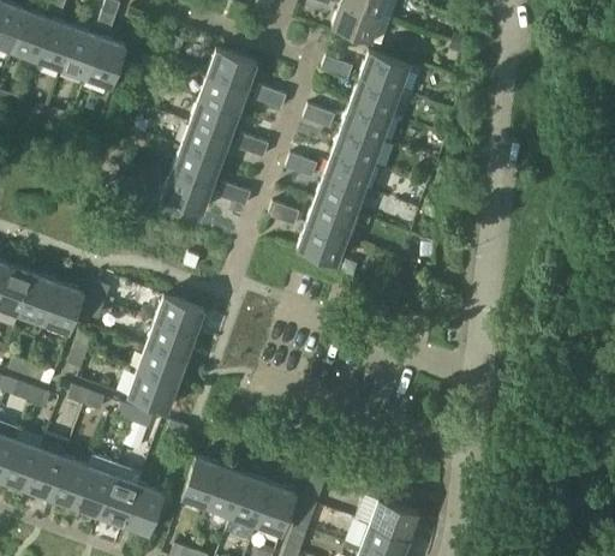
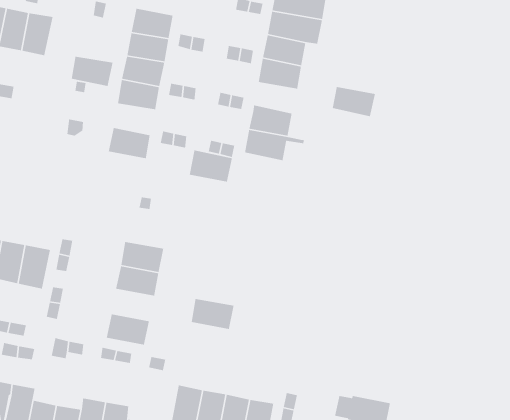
building: [172,150,220,189] -> [71,56,113,87]
building: [324,151,374,190] -> [332,86,376,117]
building: [297,223,346,264] -> [189,149,233,183]
building: [138,346,187,385] -> [191,298,235,330]

